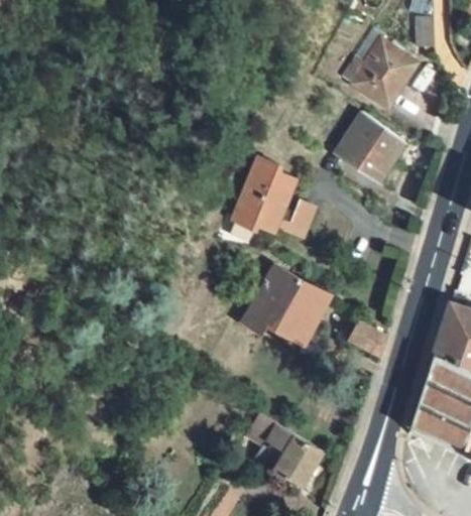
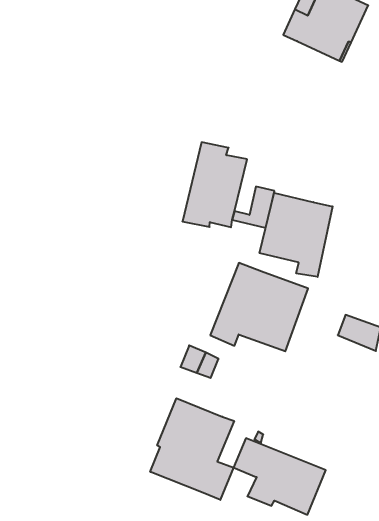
building: [335,111,406,181] -> none
building: none -> [260,193,333,277]
building: none -> [150,398,234,500]

